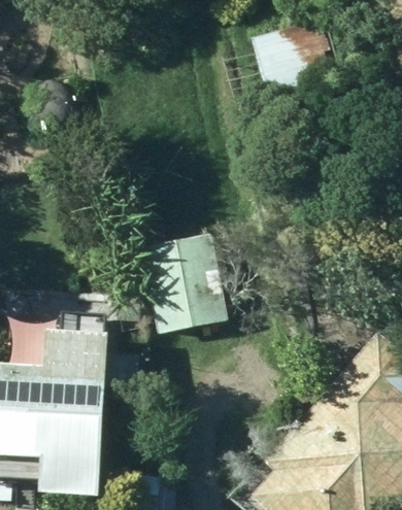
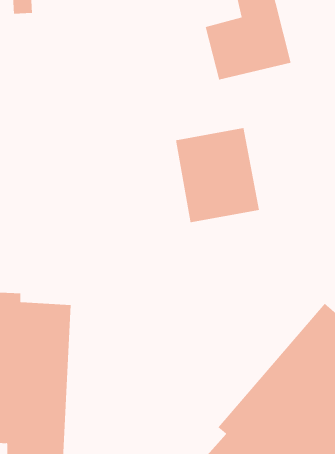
building: [138,233,228,334] -> [175,128,260,223]

